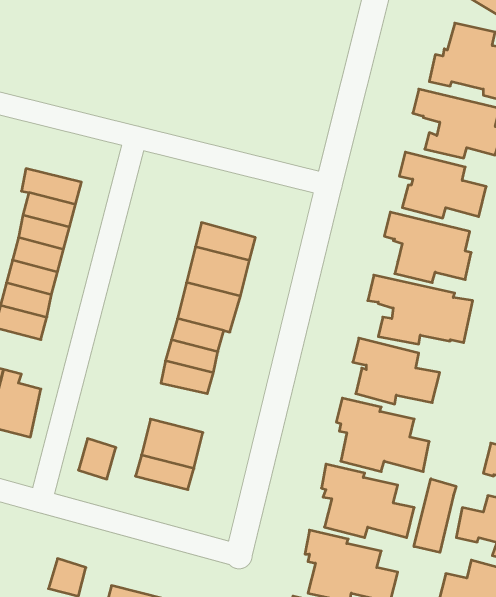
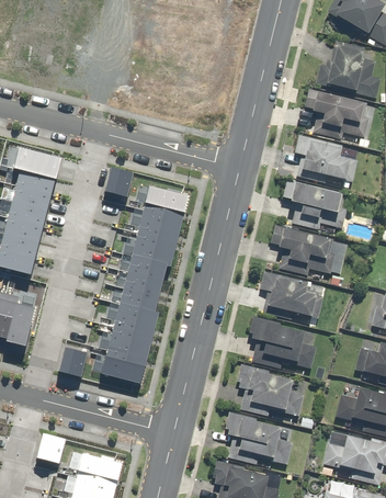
building: none -> [105,166,133,194]
building: none -> [112,304,157,340]
building: [414,479,456,552] -> none

